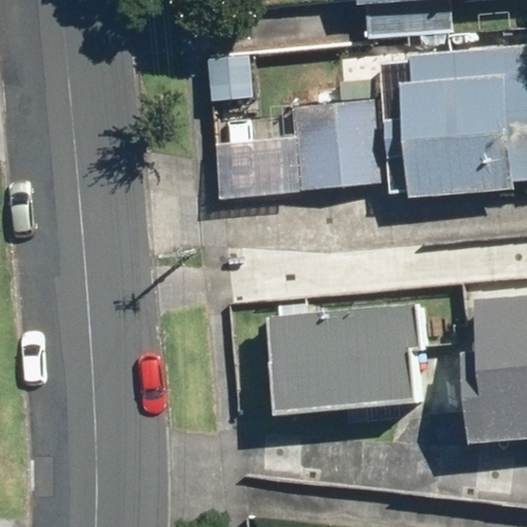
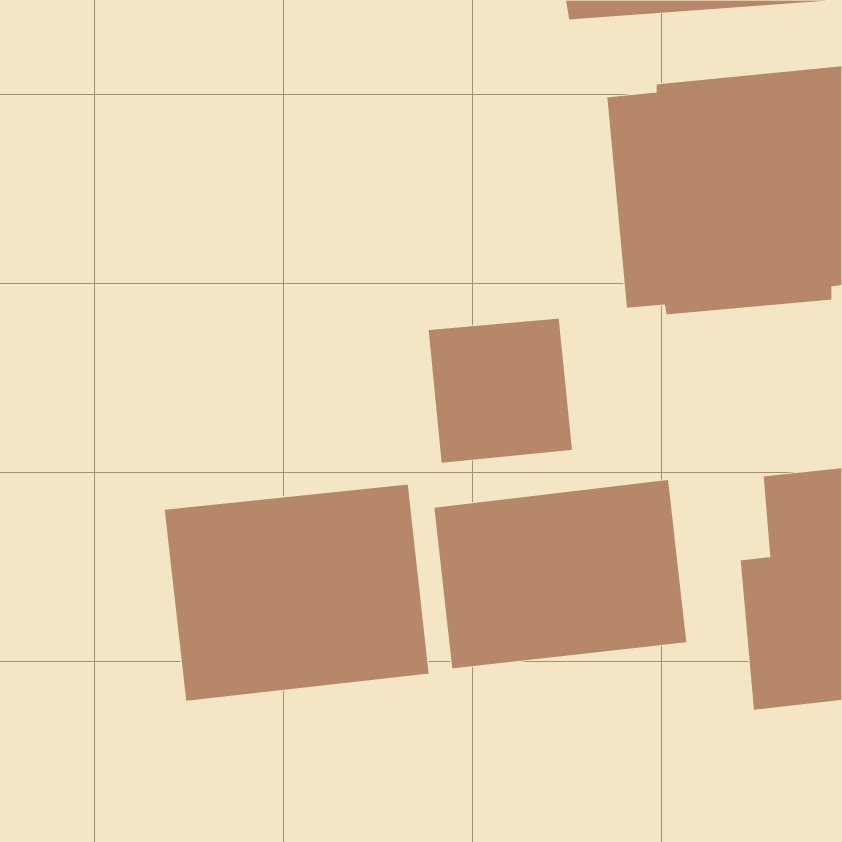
building: [283,101,374,191] -> [428,318,573,463]
building: none -> [164,484,429,701]

